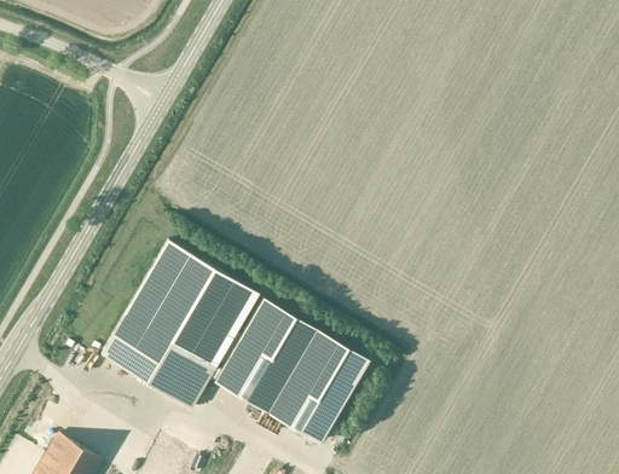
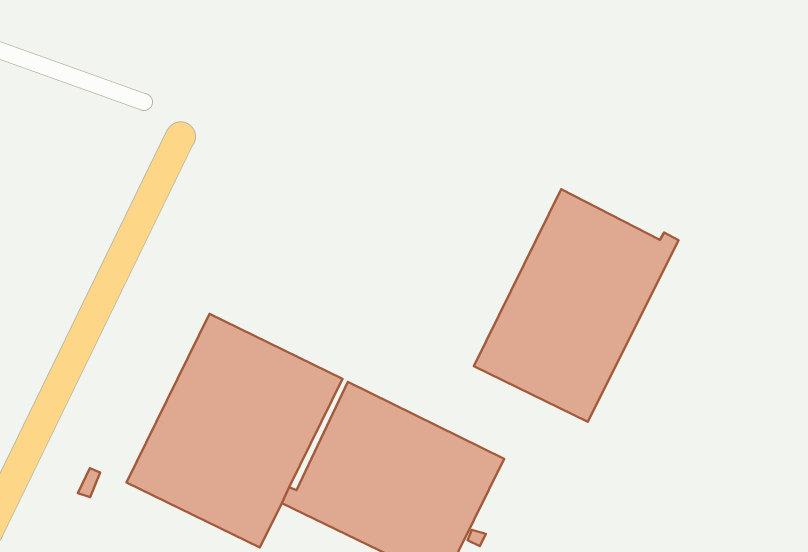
building: none -> [474,189,679,422]

